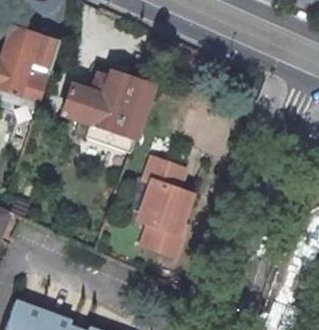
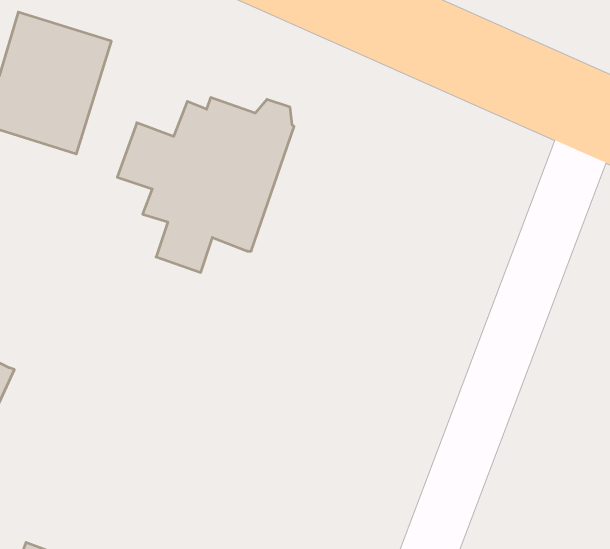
building: [139,157,193,256] -> none

